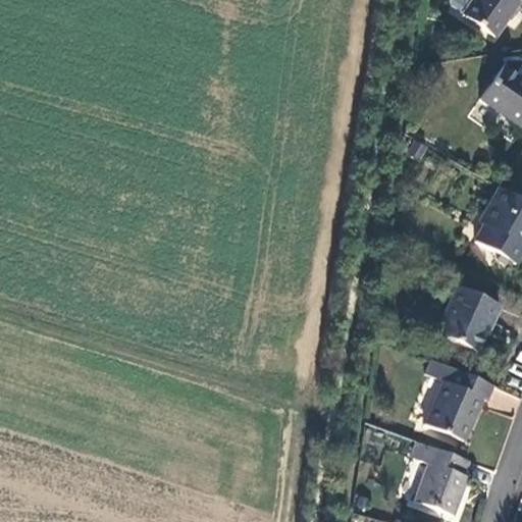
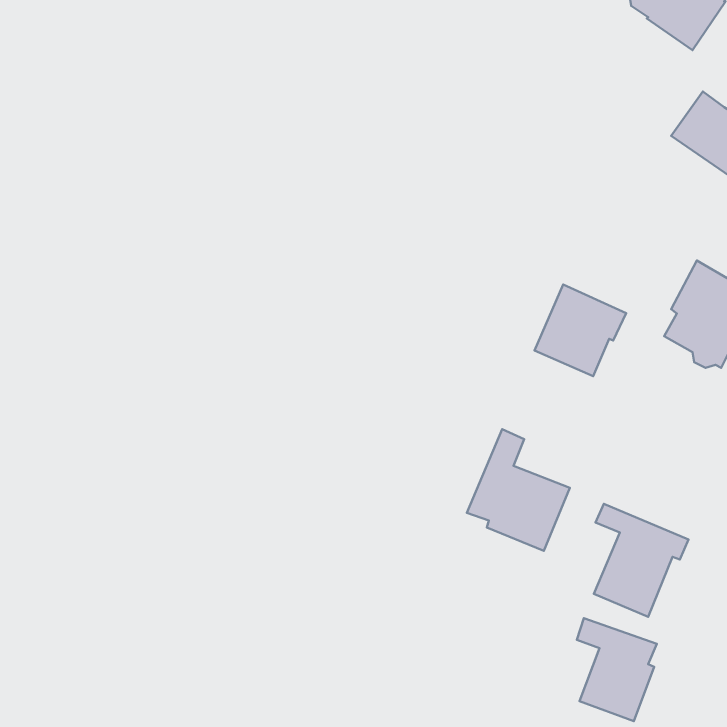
building: [437,284,503,350] -> [535,285,626,376]
building: none -> [467,429,570,551]

